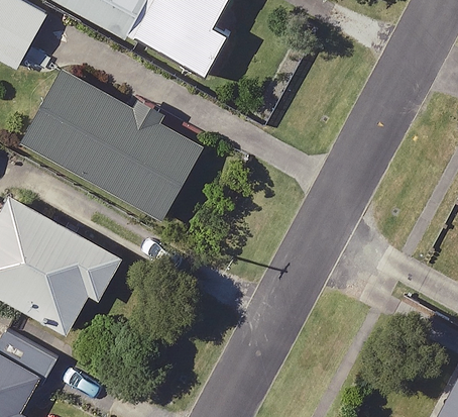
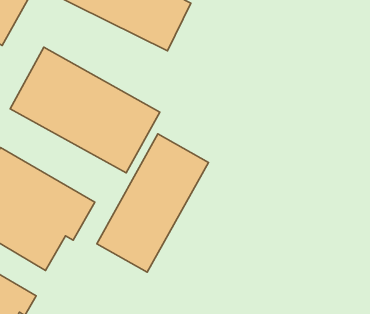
building: none -> [97,134,209,272]

